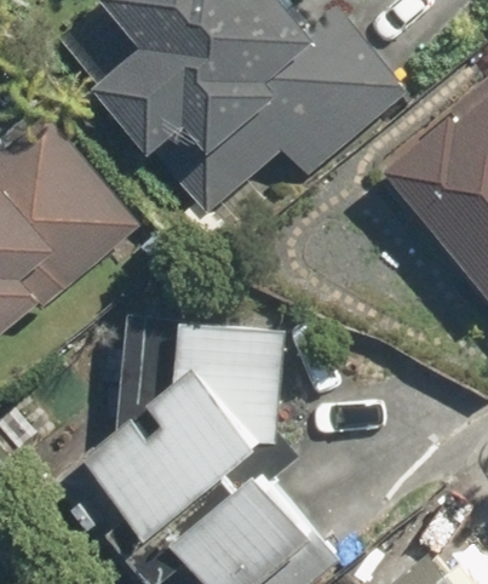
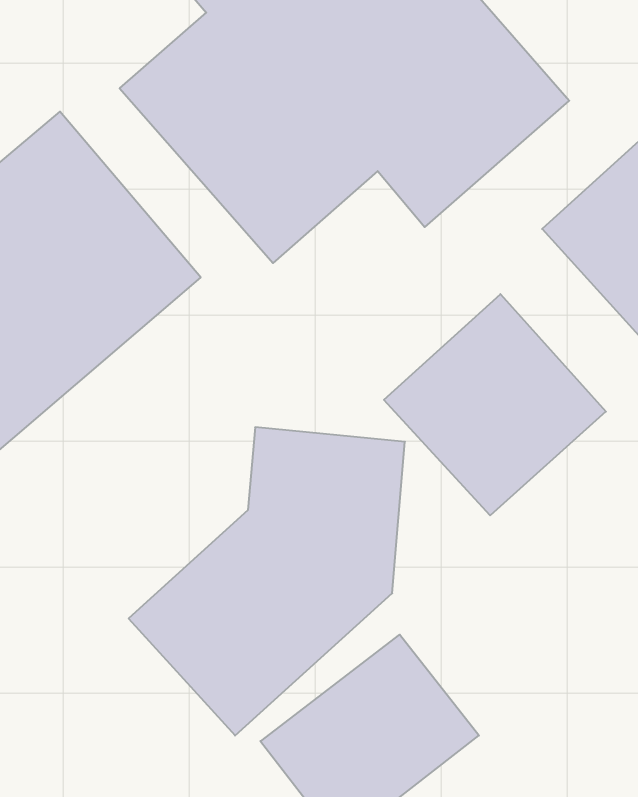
building: none -> [384,294,606,515]

